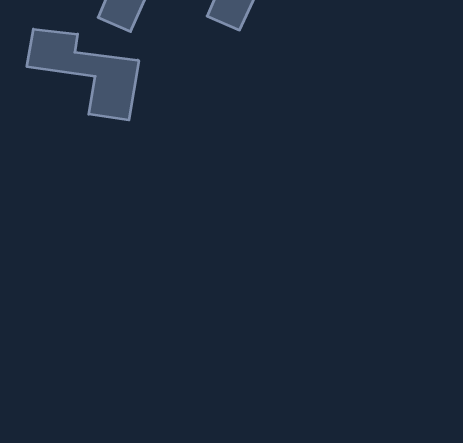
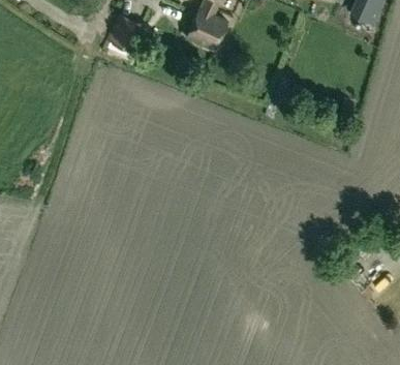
building: [27,29,139,120] -> none

